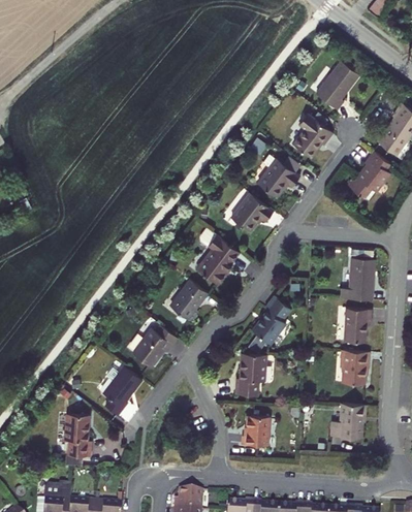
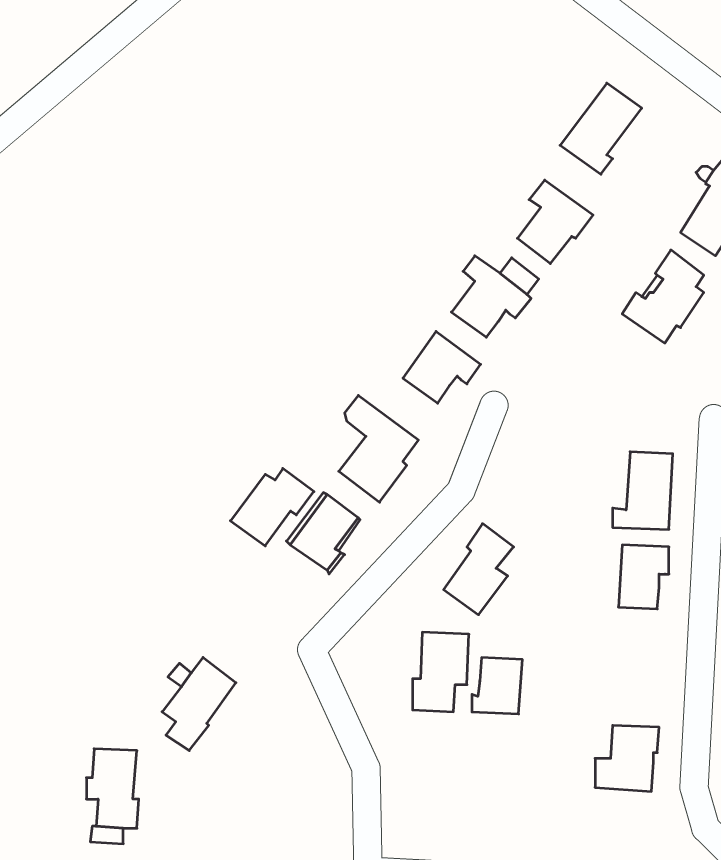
building: [131,326,176,367] -> [230,468,314,546]
building: [341,350,369,384] -> none
building: [242,416,268,446] -> [472,658,522,714]

